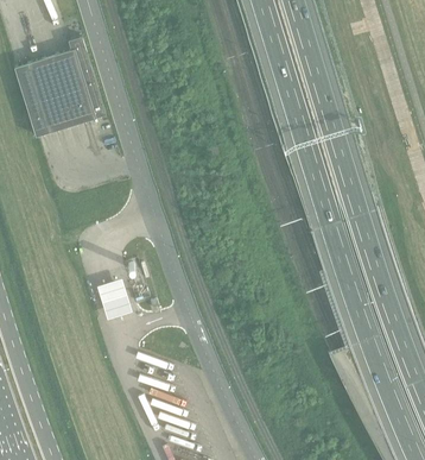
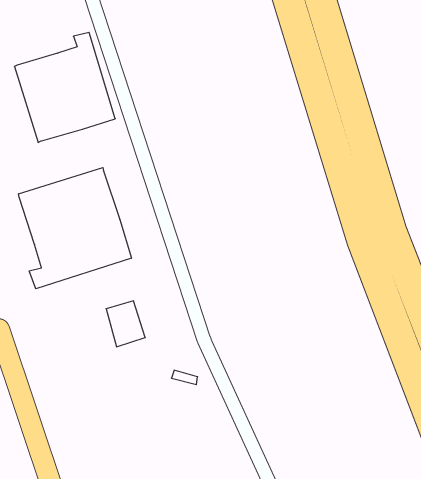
building: none -> [19,168,131,289]

